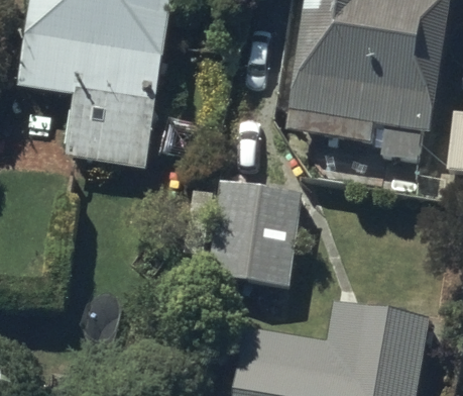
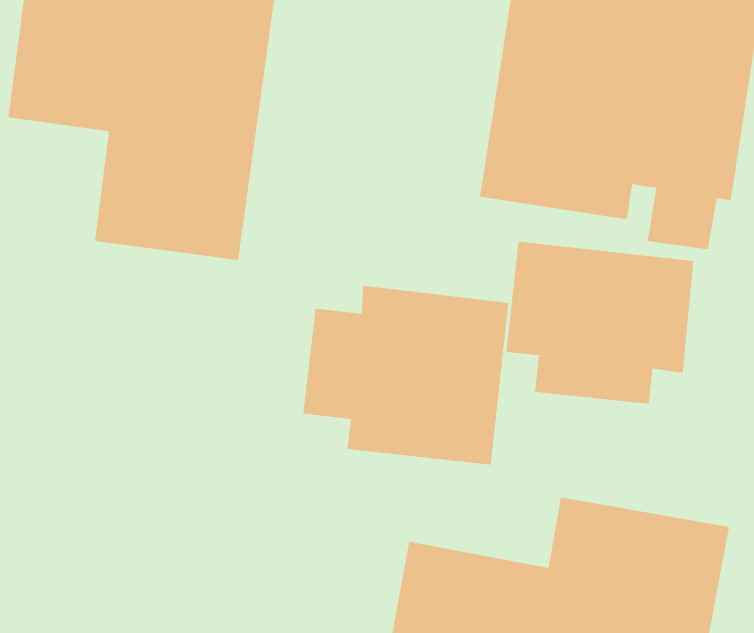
building: none -> [506,241,694,405]

